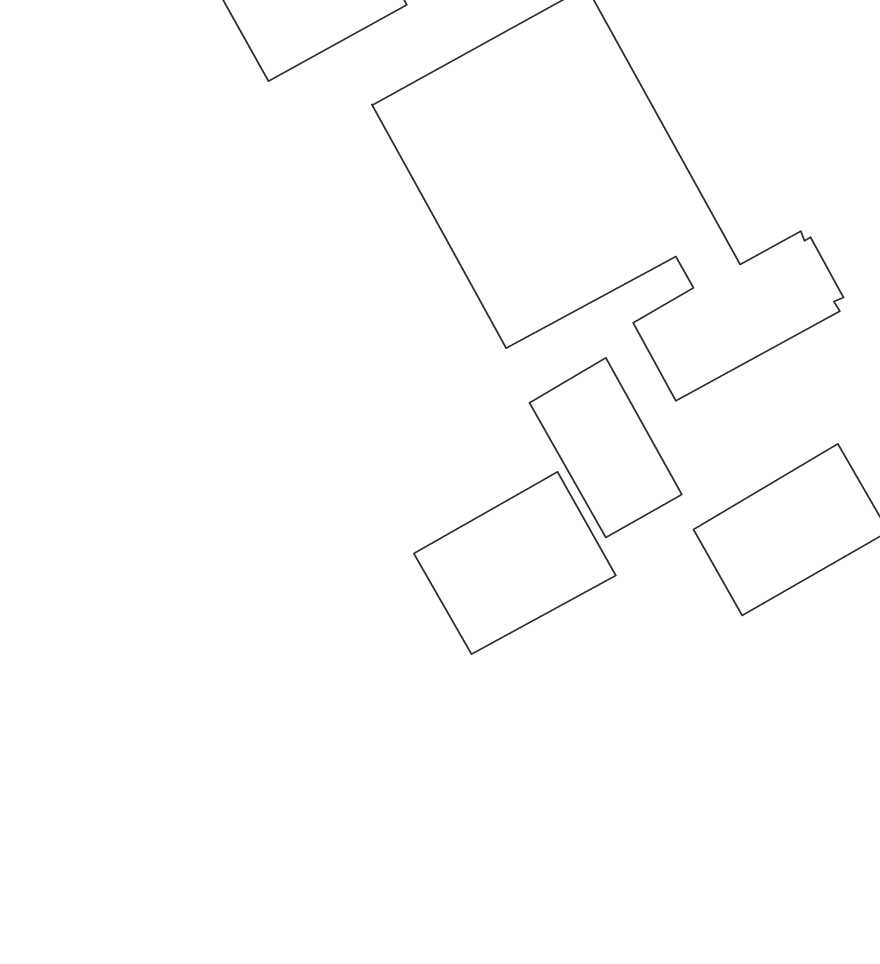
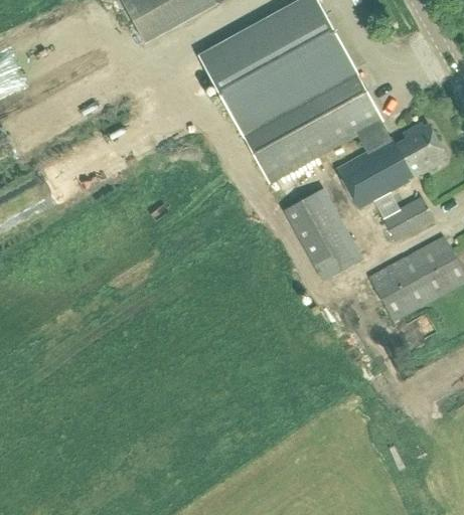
building: none -> [382,196,435,240]
building: [414,472,616,654] -> none

